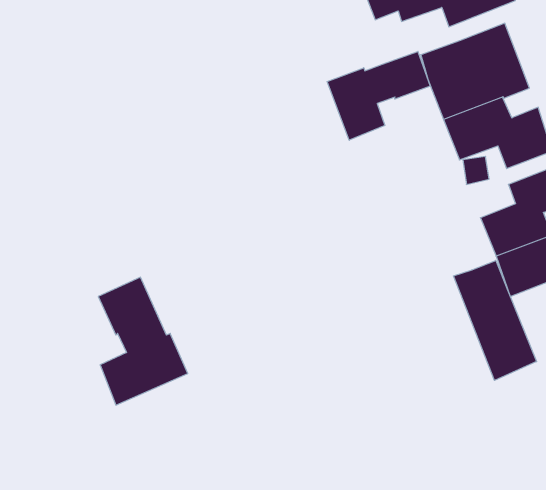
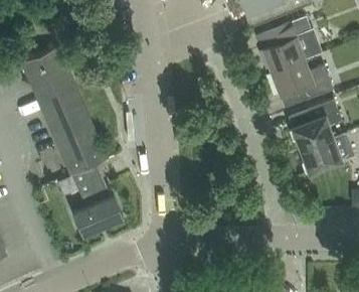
building: [327,51,430,140] -> none
building: none -> [22,46,107,175]
building: [454,260,537,380] -> none

